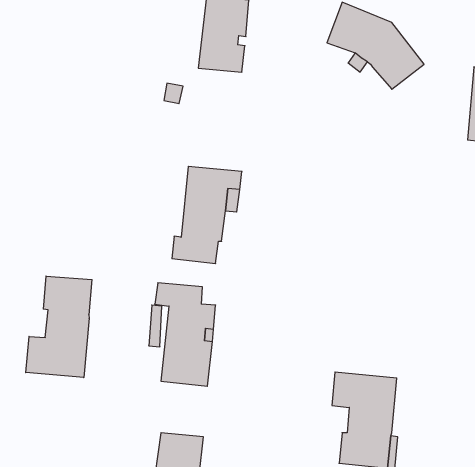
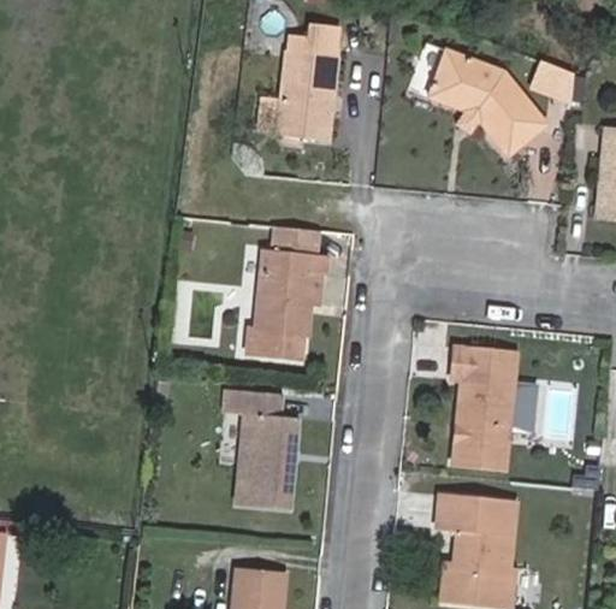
building: none -> [529,65,573,108]
building: none -> [452,344,516,466]
building: [26,276,92,378] -> none

